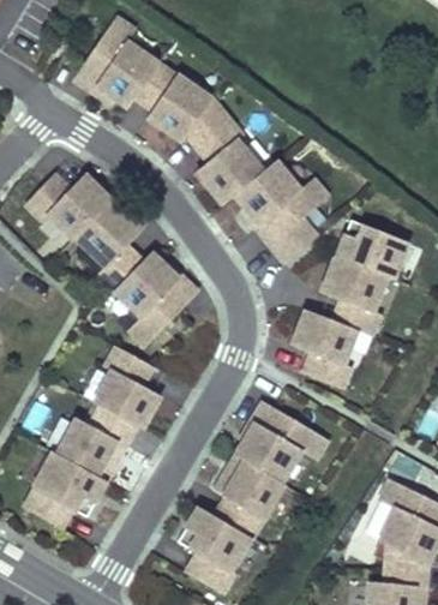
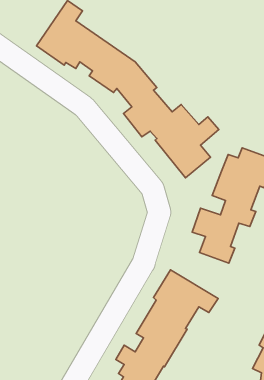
building: [28,167,203,343] -> none
building: [24,345,163,527] -> none

